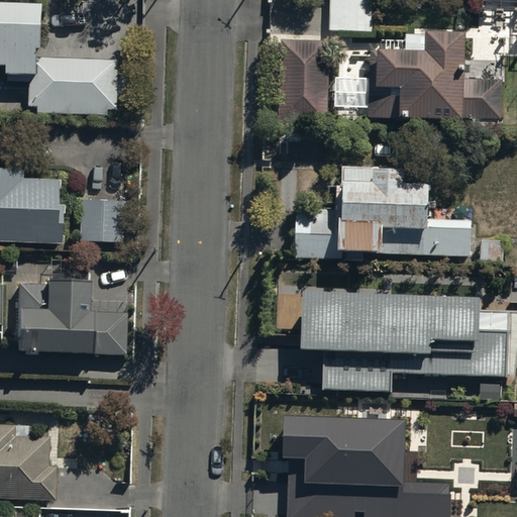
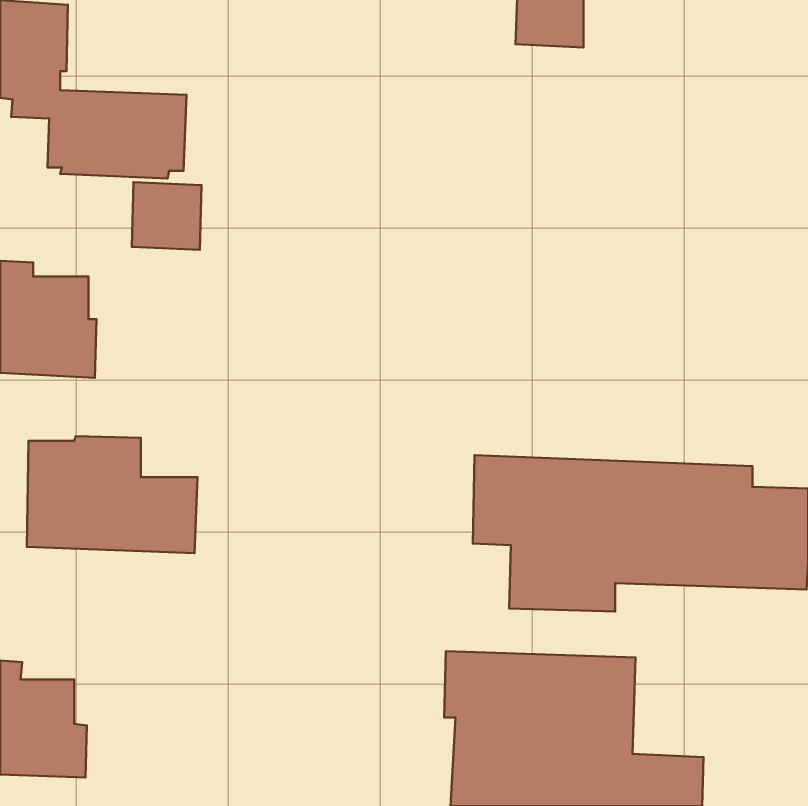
building: [335,30,502,127] -> none
building: [278,38,331,120] -> none
building: [294,167,473,260] -> none
building: [79,199,123,242] -> [132,182,201,250]

